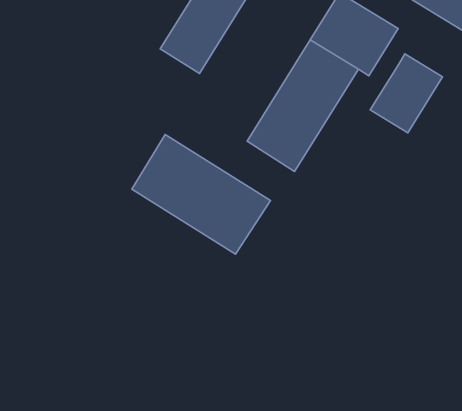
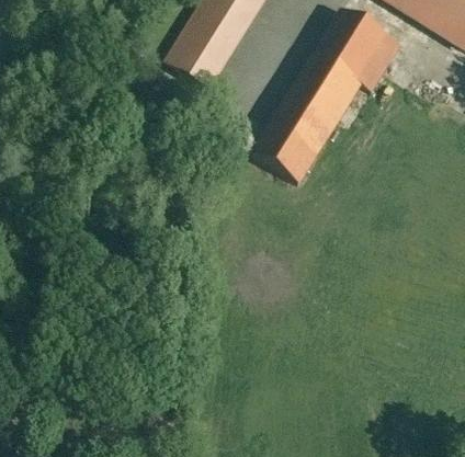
building: [370,54,442,133] -> none
building: [132,135,270,254] -> none

